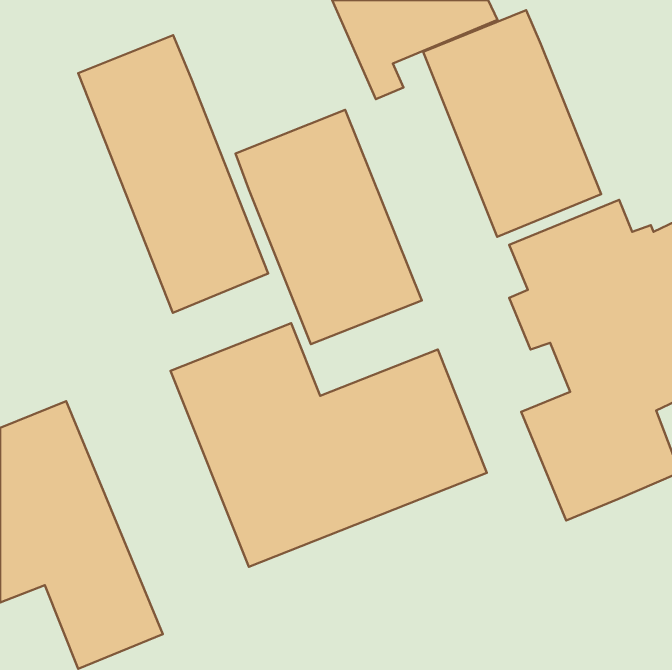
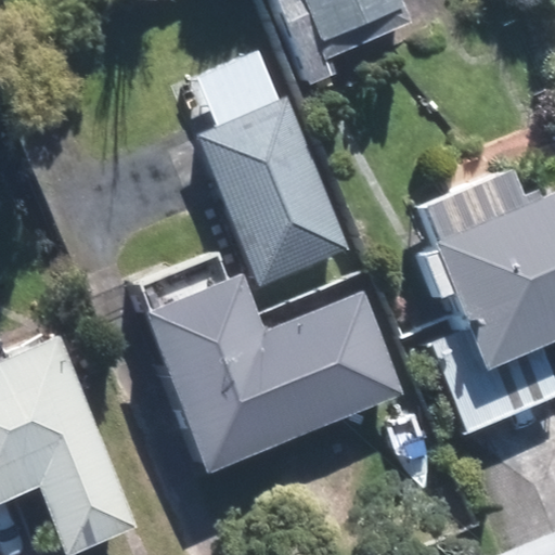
building: [423,10,601,237] -> none
building: [78,35,268,313] -> none

